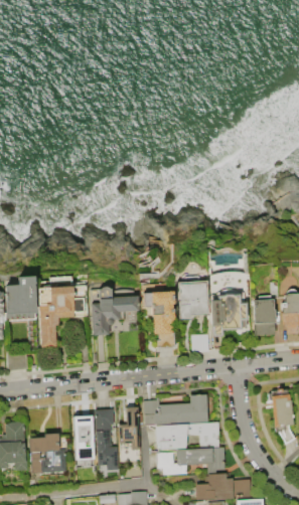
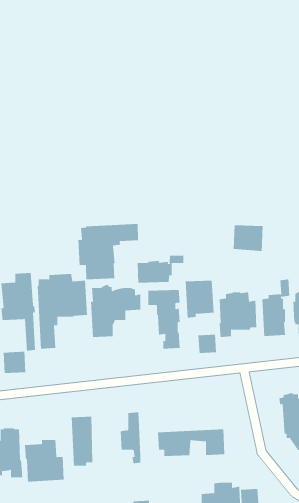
building: none -> [78,223,139,280]
building: none -> [137,255,184,283]
building: [208,271,238,296] -> [233,225,264,251]
building: [143,393,206,424] -> none
building: [95,408,118,469] -> none
building: [156,447,225,474] -> none

